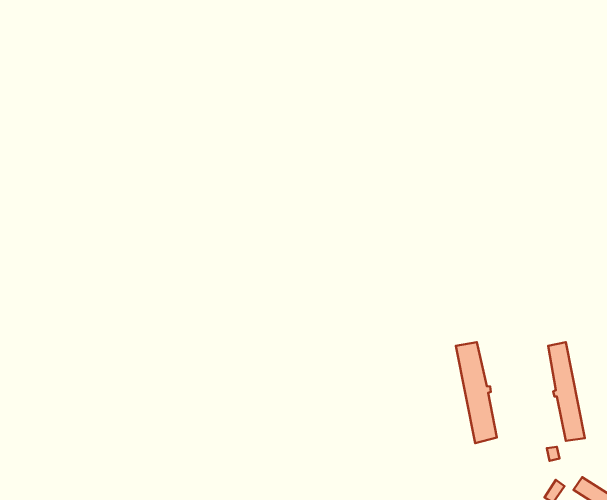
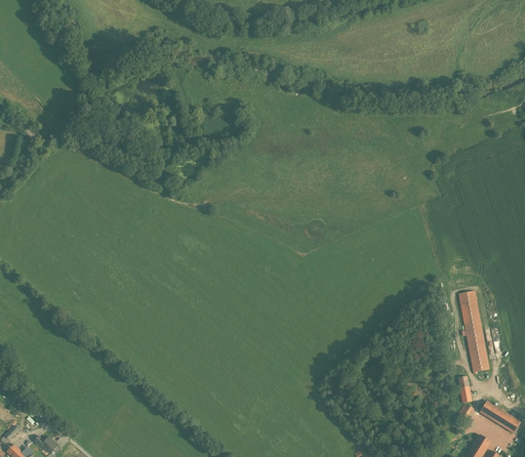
building: [456,342,497,443] -> none

